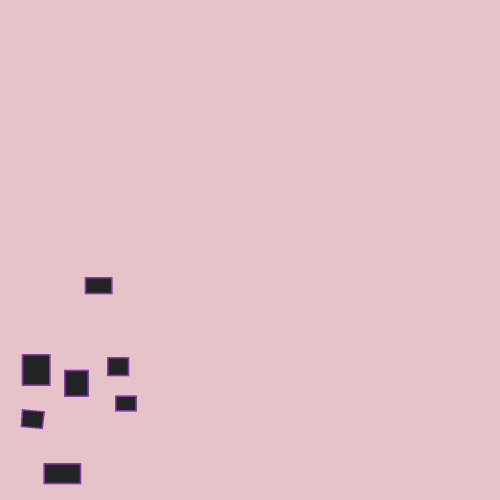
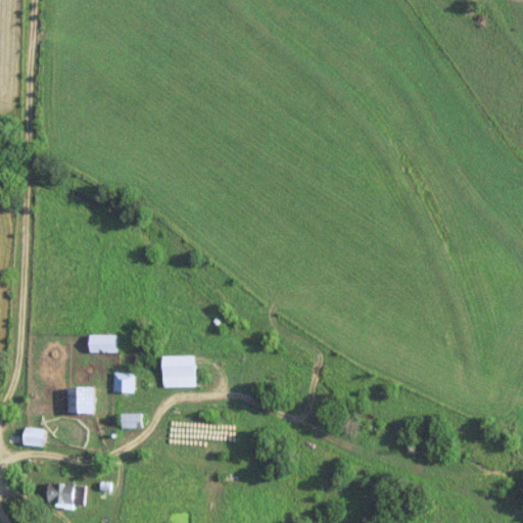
building: [86,278,112,293] -> [89,336,116,352]
building: none -> [162,356,196,387]
building: [22,355,50,385] -> none

